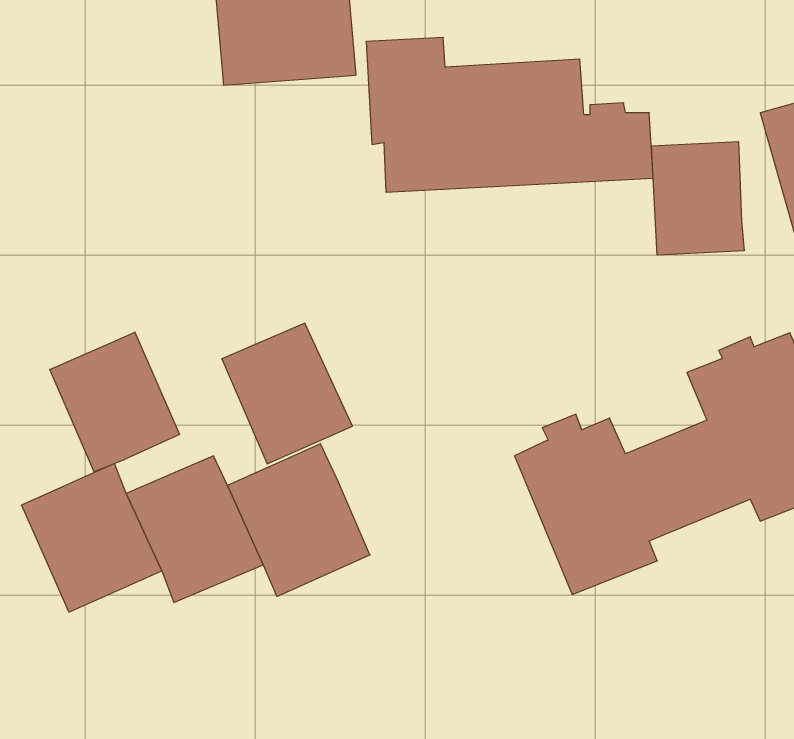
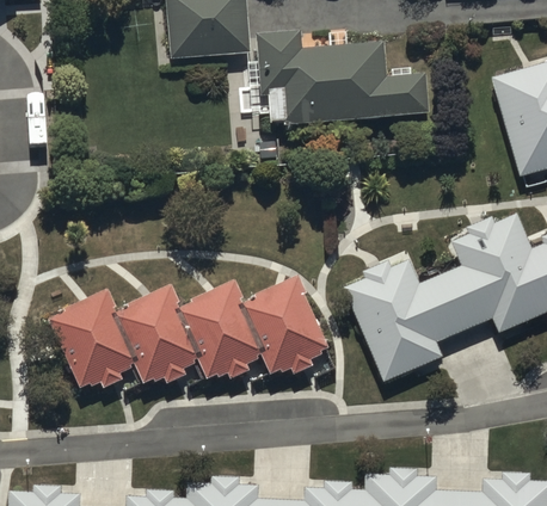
building: [652,142,744,255] -> none
building: [222,323,352,464] -> [241,283,320,368]
building: [50,332,180,472] -> none

